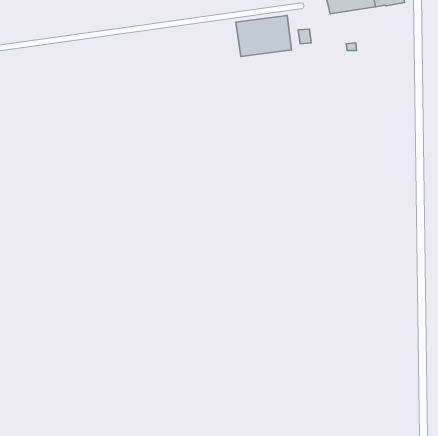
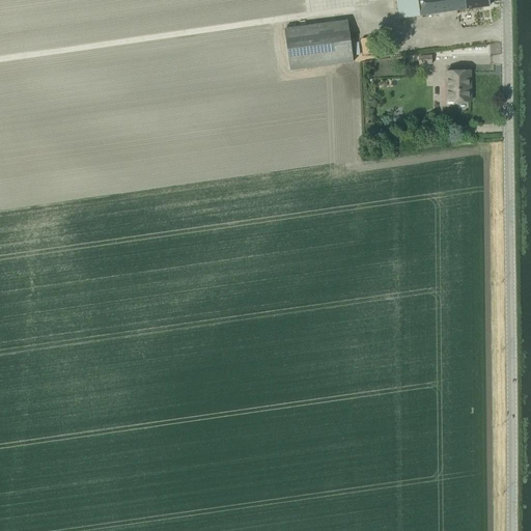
building: none -> [446,69,470,100]

